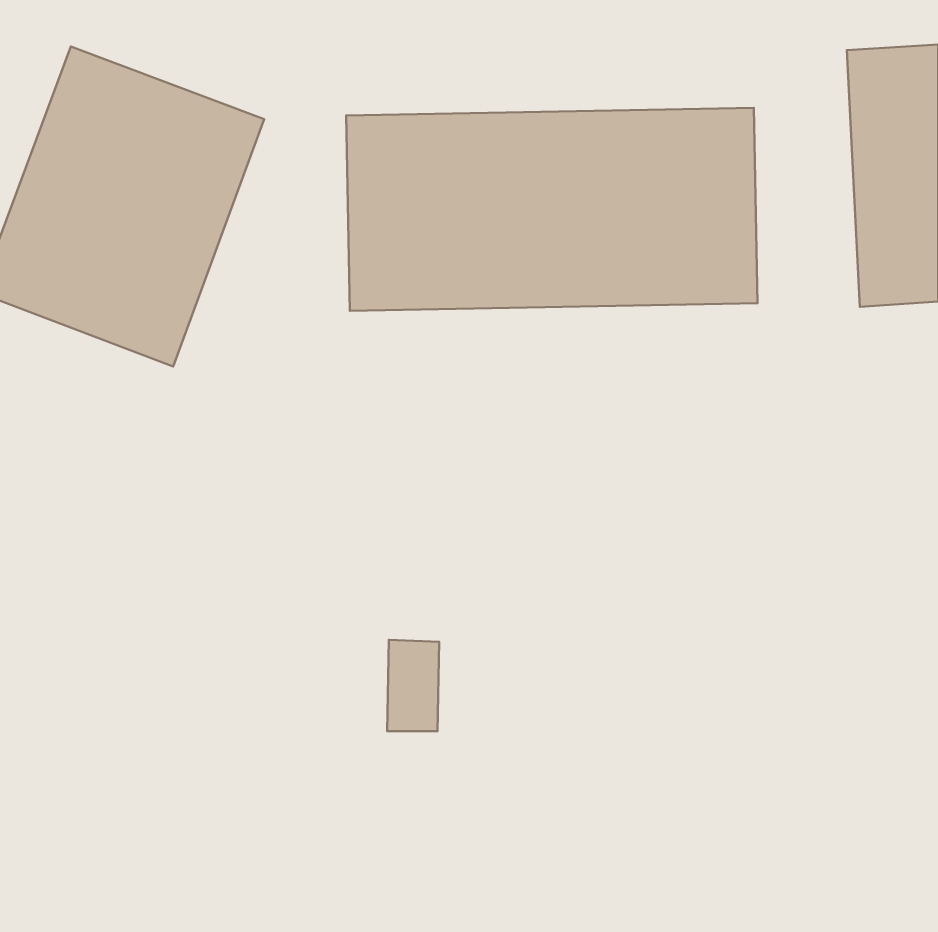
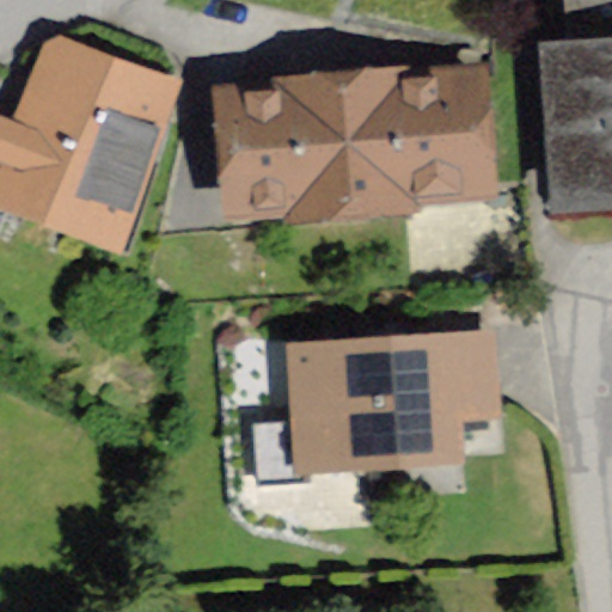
building: none -> [289,331,492,465]

